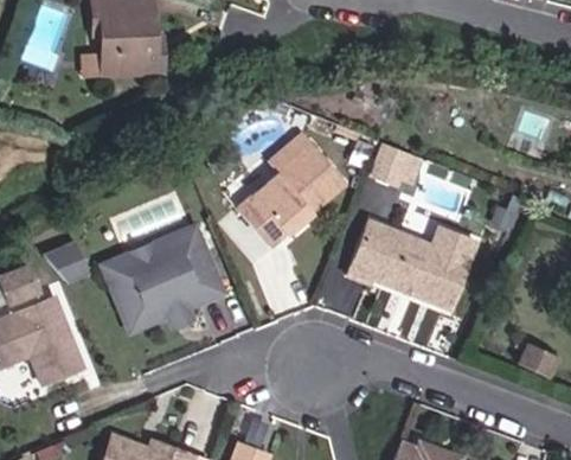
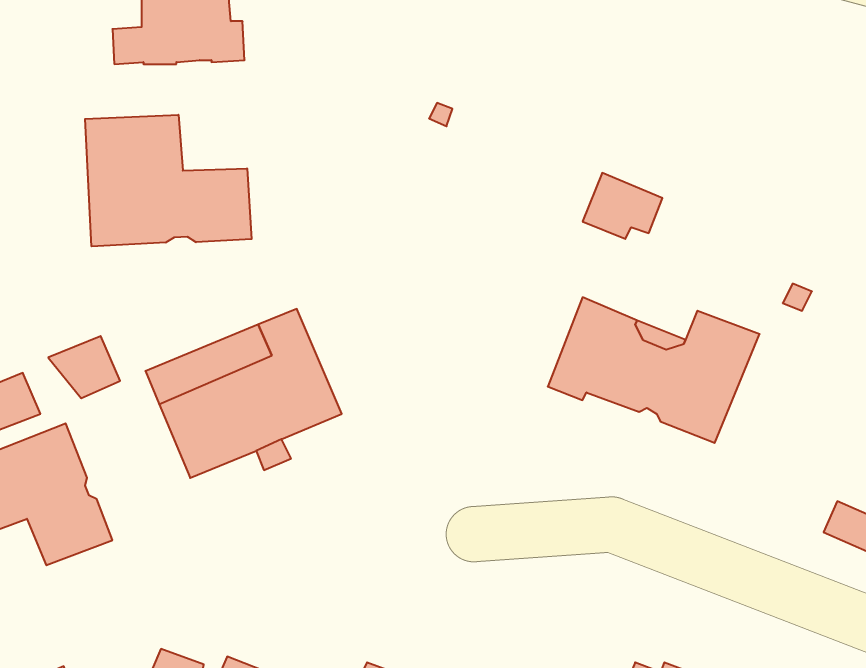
building: none -> [85,115,252,246]
building: [237,133,345,245] -> none

